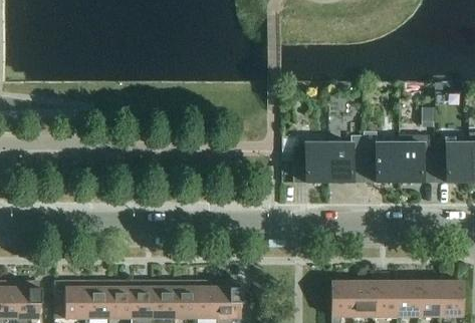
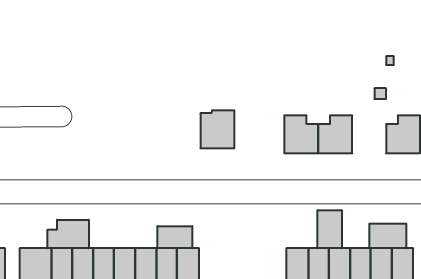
building: [400,135,435,183] -> none
building: [294,143,329,183] -> [200,110,234,148]
building: none -> [318,210,342,248]
building: none -> [48,220,89,248]
building: none -> [369,224,406,248]
building: none -> [157,226,192,248]

